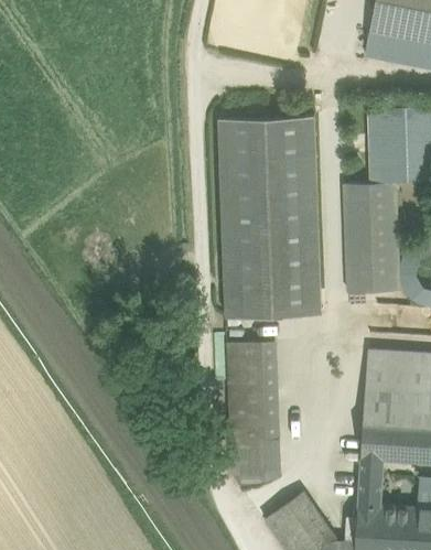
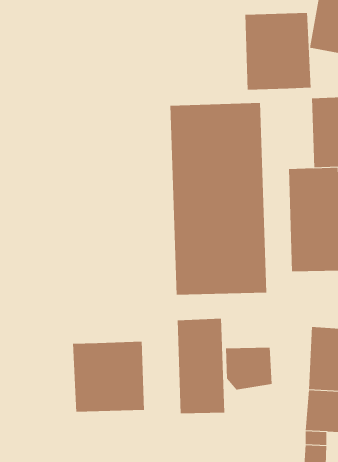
building: none -> [245,12,311,90]
building: none -> [72,341,144,413]
building: [229,441,279,486] -> [225,347,273,390]

